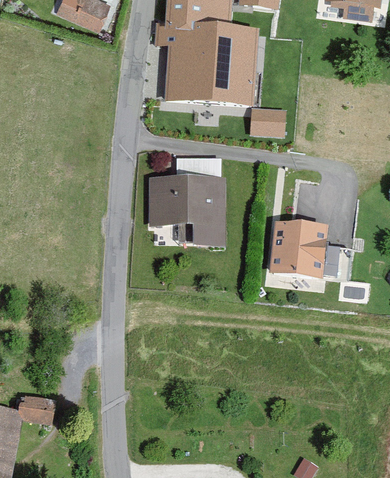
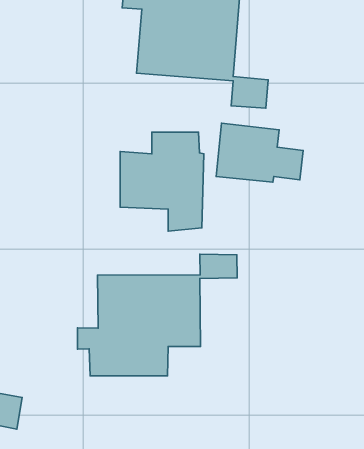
building: [270,222,350,276] -> [216,123,303,182]
building: none -> [77,254,237,376]

